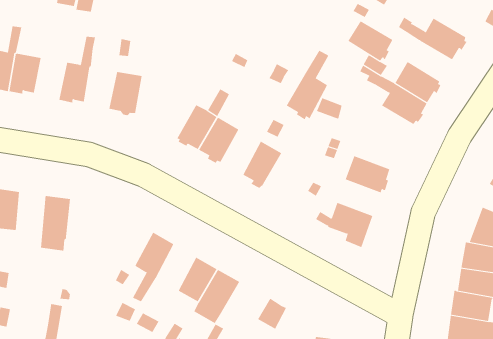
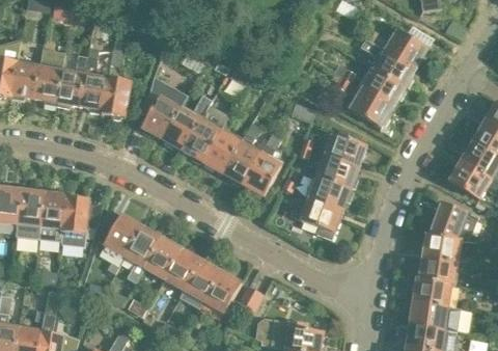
building: [348,20,393,61] -> [374,49,415,86]
building: none -> [79,46,108,111]
building: [286,50,329,120] -> [242,131,281,195]
building: none -> [33,64,62,103]
building: none -> [140,90,181,138]
building: none -> [203,130,240,171]
building: none -> [325,131,366,166]
building: none -> [309,176,352,209]
building: none -> [15,187,43,238]
building: none -> [62,193,103,241]
building: none -> [98,207,141,254]
building: none -> [144,235,181,277]
building: none -> [203,269,242,312]

